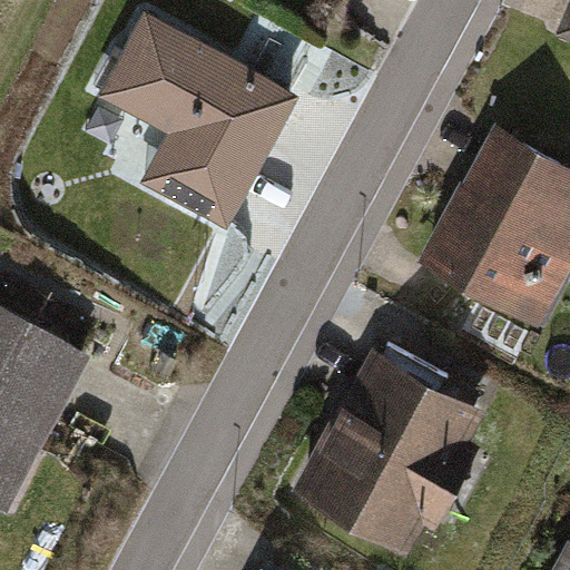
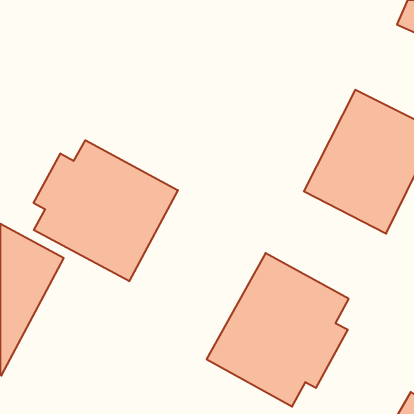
building: [97,12,296,230] -> none
building: none -> [34,140,178,281]

